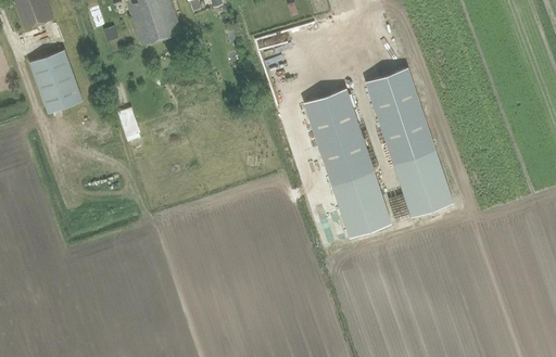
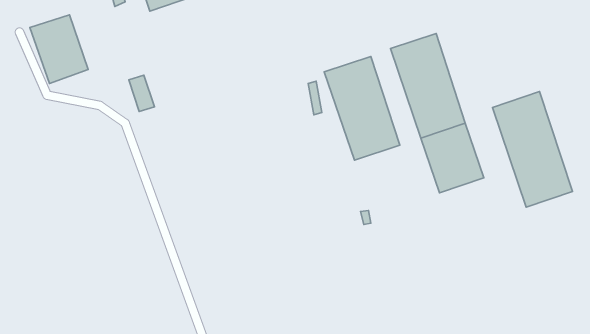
building: none -> [492,91,572,207]
building: [331,171,391,238] -> none

